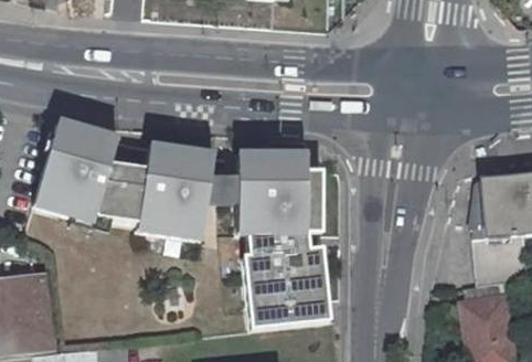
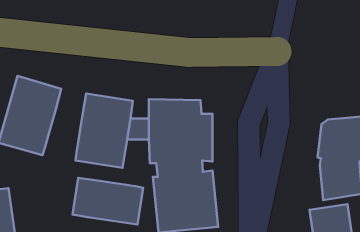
building: [96,160,148,221] -> none
building: none -> [73,178,143,224]

